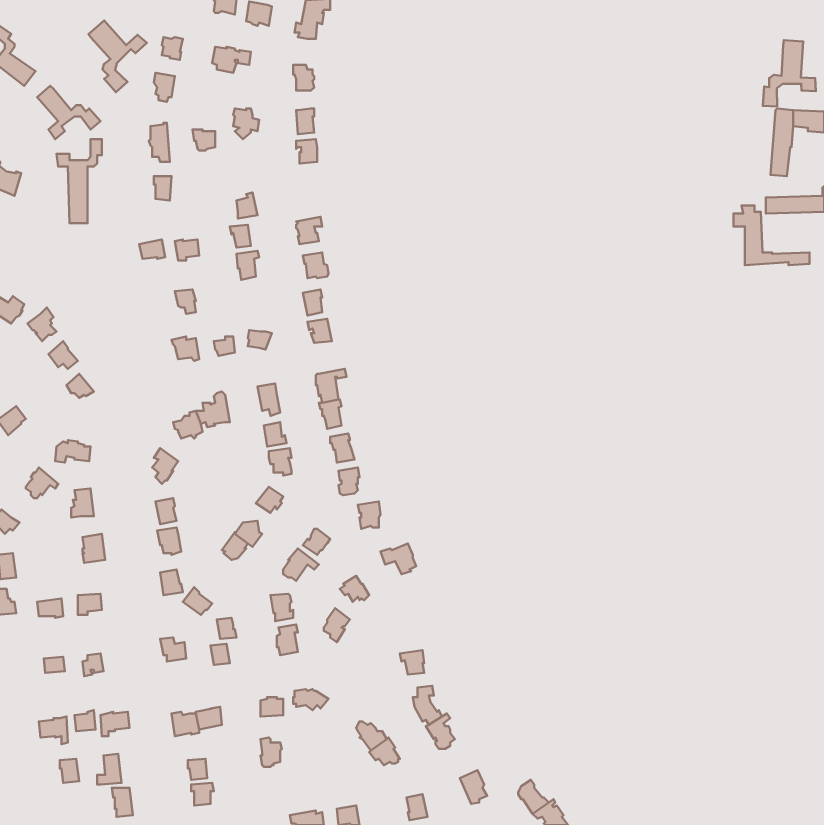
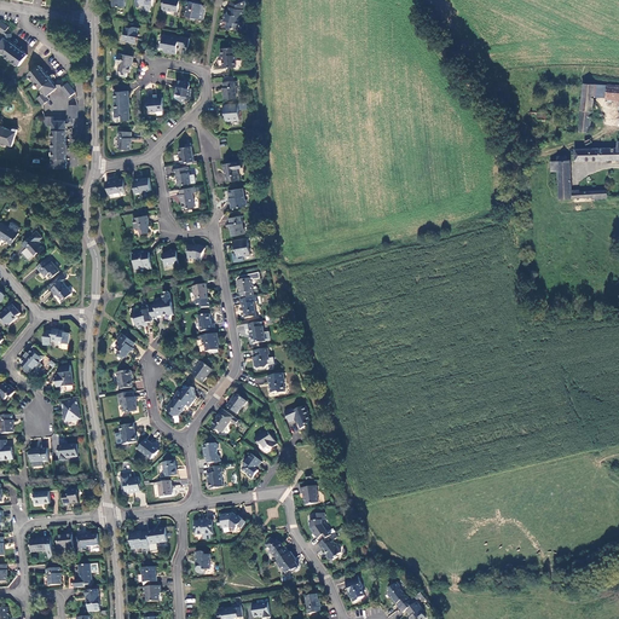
building: [88,20,147,92] -> none
building: [763,40,816,106] -> none

